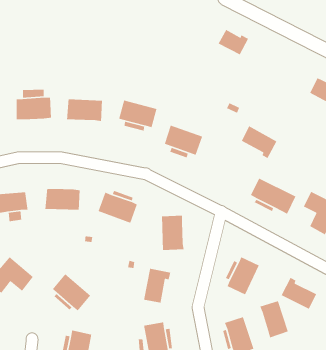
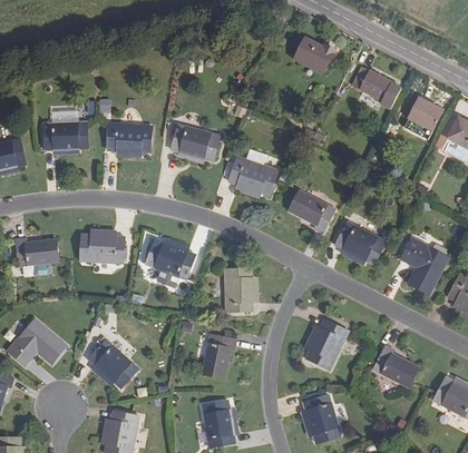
building: none -> [351,66,400,108]
building: [241,125,278,159] -> [287,189,333,232]
building: [259,300,289,339] -> none

